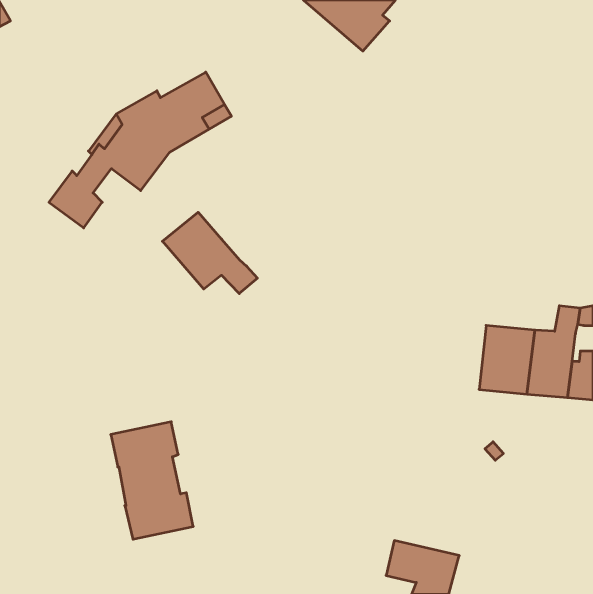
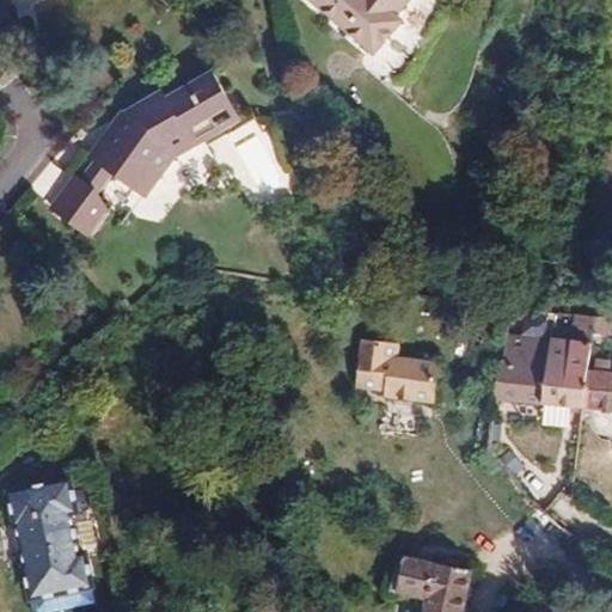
building: [162,212,257,294] -> none
building: none -> [356,341,439,403]
building: [111,422,193,539] -> [8,479,93,600]

